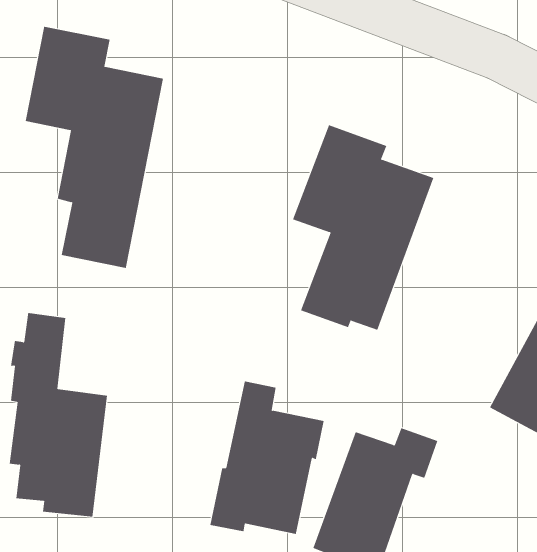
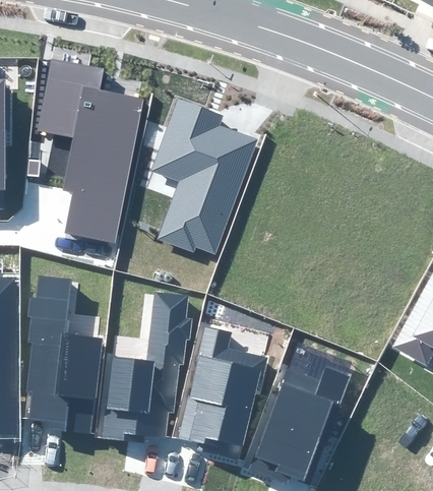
building: [292,124,434,330] -> [150,99,258,255]
building: none -> [101,290,193,439]

